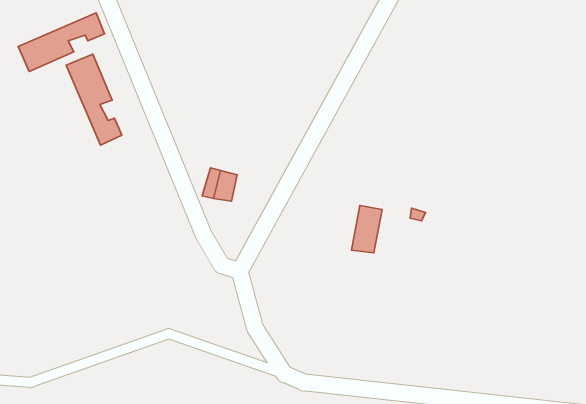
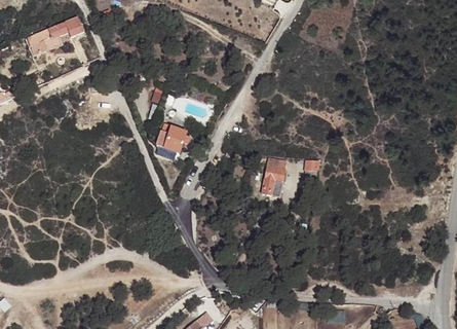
building: [66,54,122,145] -> none

